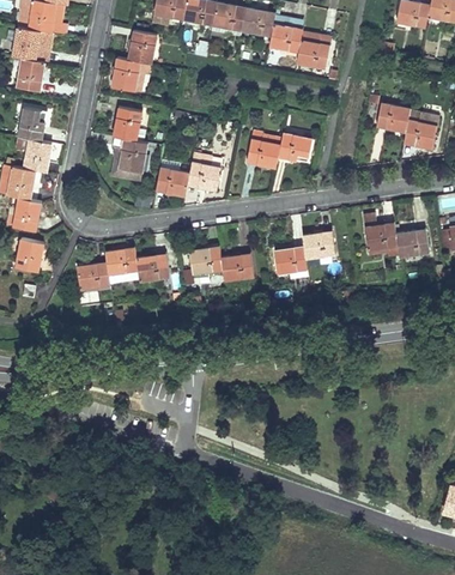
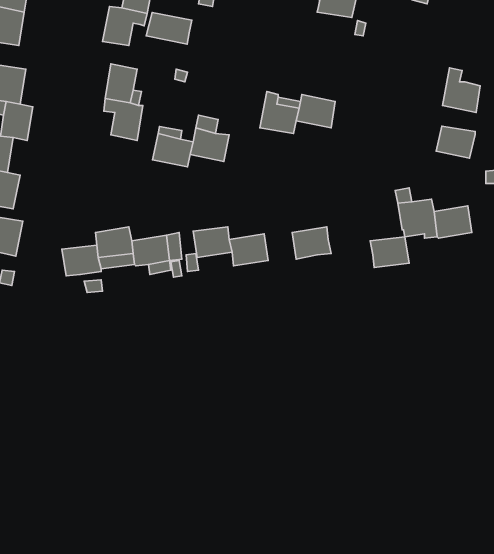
building: none -> [146,12,192,44]
building: [376,103,410,131] -> [436,126,475,158]
building: [302,231,335,258] -> [370,237,409,267]

